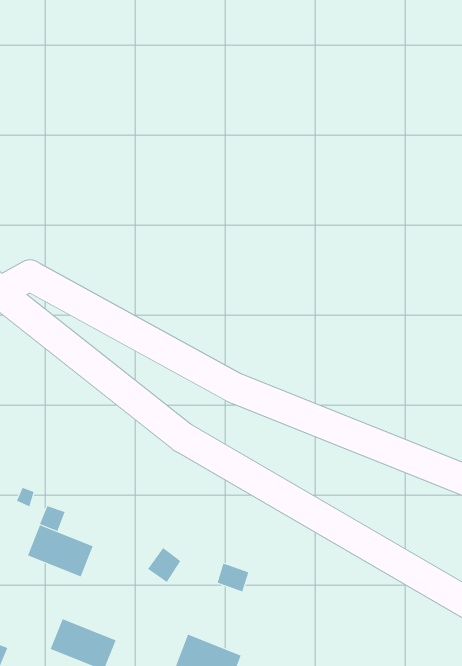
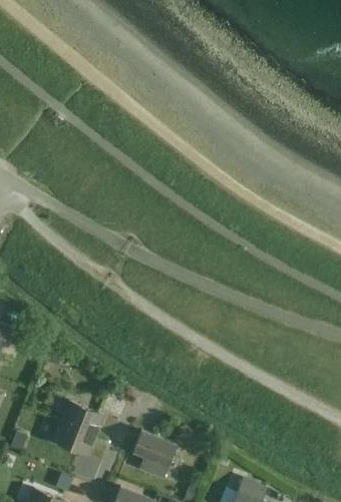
building: [27,525,93,577] -> [60,401,103,435]

